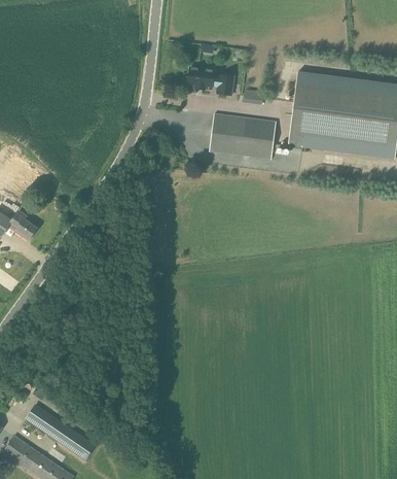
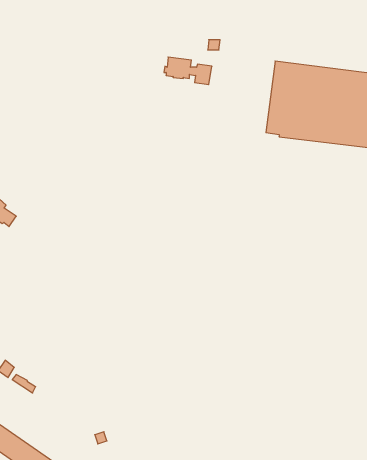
building: [210,113,277,159] -> none
building: [26,403,97,460] -> none

